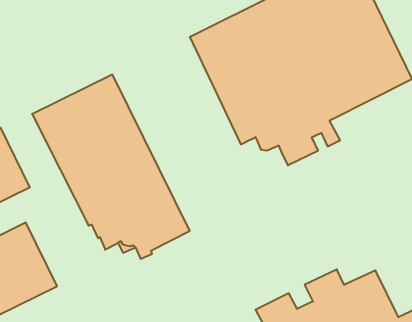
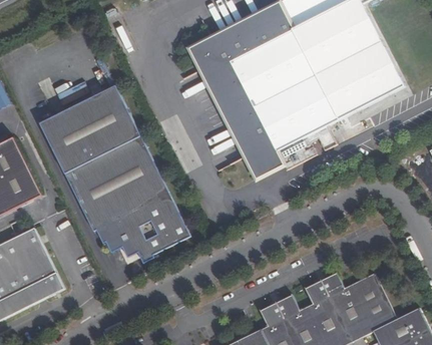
building: none -> [246,145,282,175]

